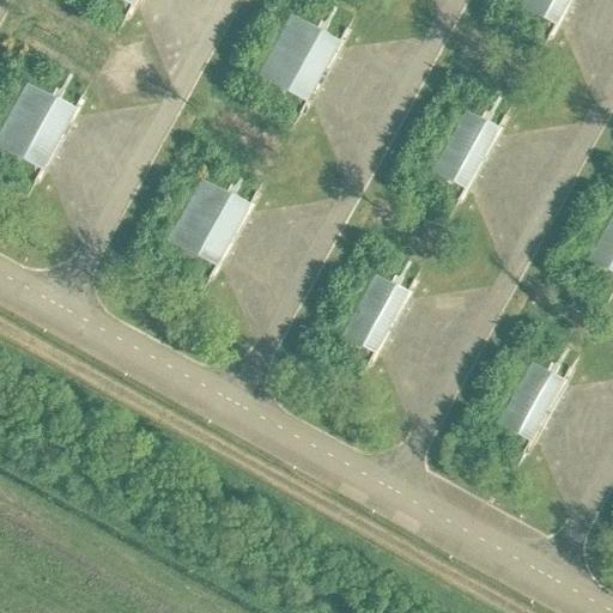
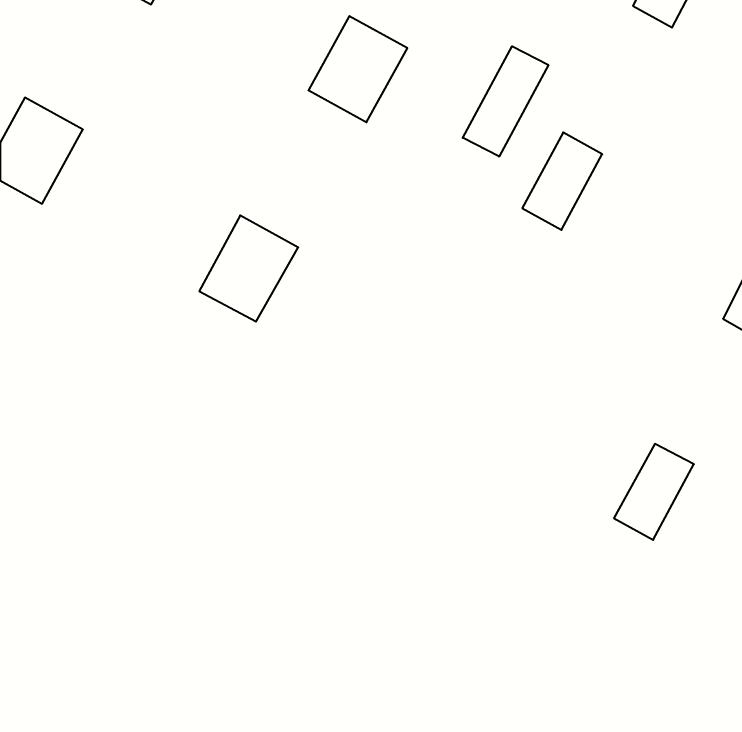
building: none -> [463,46,548,157]
building: [340,274,407,353] -> none

